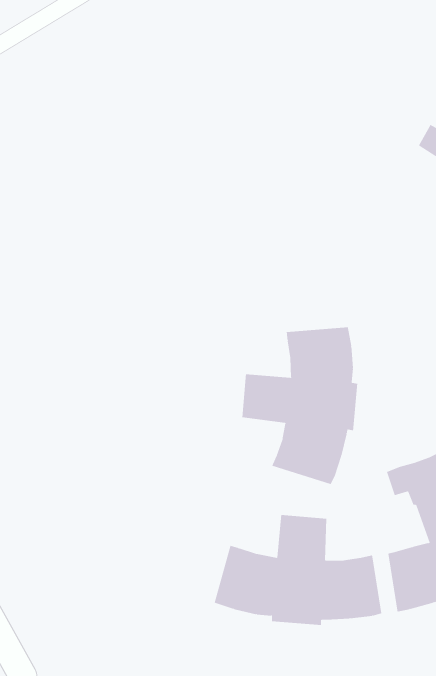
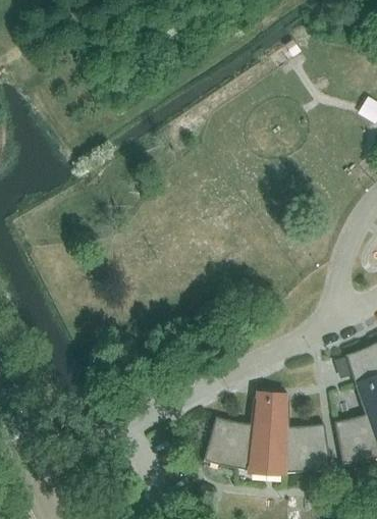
building: [242,326,358,485] -> none

